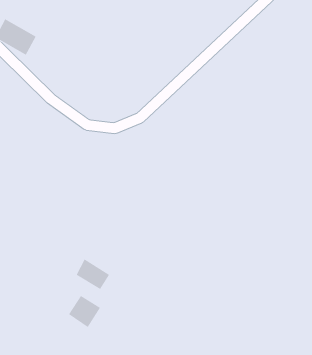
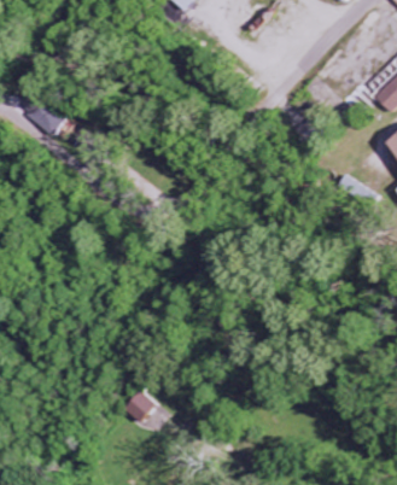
building: [76,259,110,290] -> none

